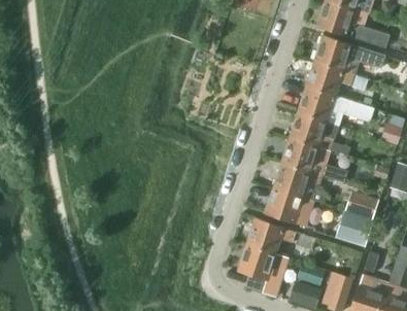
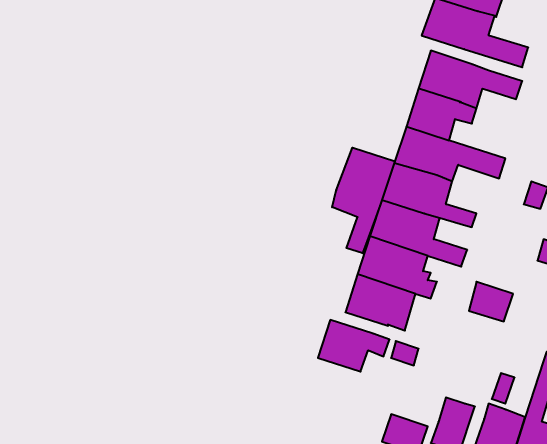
building: none -> [332,148,395,253]
building: [336,210,372,246] -> none
building: [238,244,287,297] -> none

